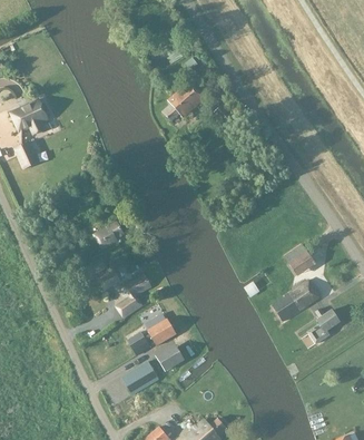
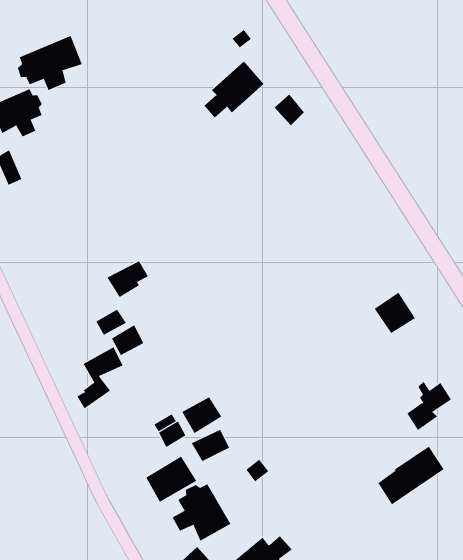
building: none -> [17,35,82,91]
building: [119,273,153,317] -> [76,347,123,409]
building: [273,278,321,321] -> [377,446,445,505]
building: none -> [172,483,231,541]

